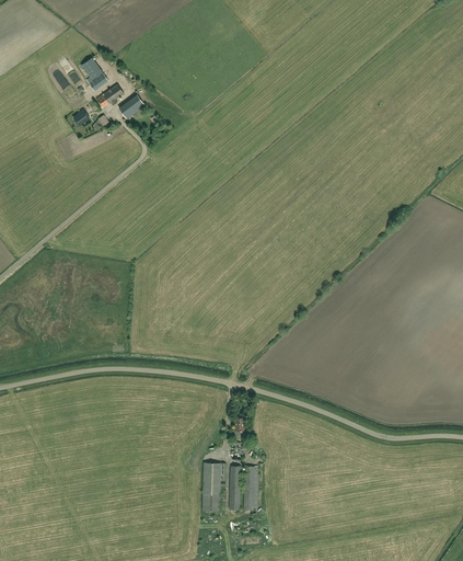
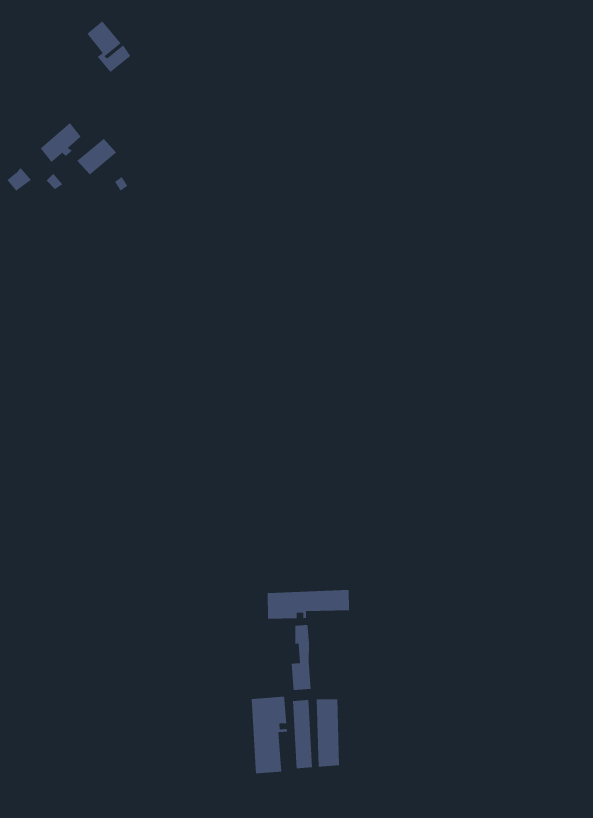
building: [80,57,107,91] -> [87,21,131,73]
building: none -> [267,589,350,620]

